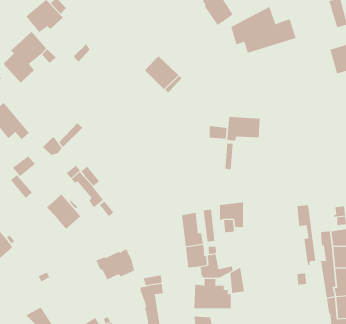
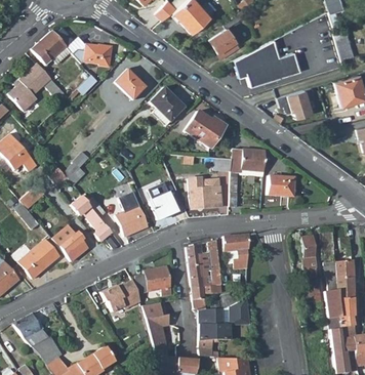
building: none -> [85,45,113,67]
building: none -> [115,70,146,100]
building: none -> [277,86,315,119]
building: none -> [185,112,224,149]
building: none -> [268,175,294,197]
building: none -> [190,178,221,208]
building: none -> [149,183,176,219]
building: none -> [116,195,148,237]
building: none -> [19,239,59,279]
building: none -> [135,265,172,296]
building: none -> [13,314,47,346]

